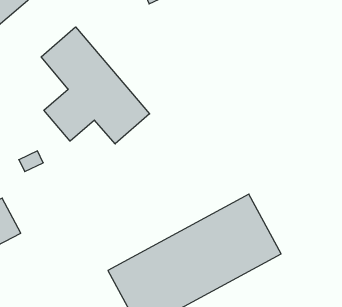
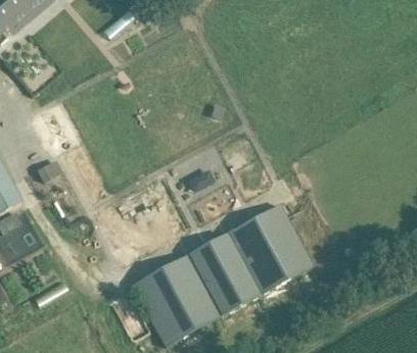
building: [41,27,150,144] -> none

